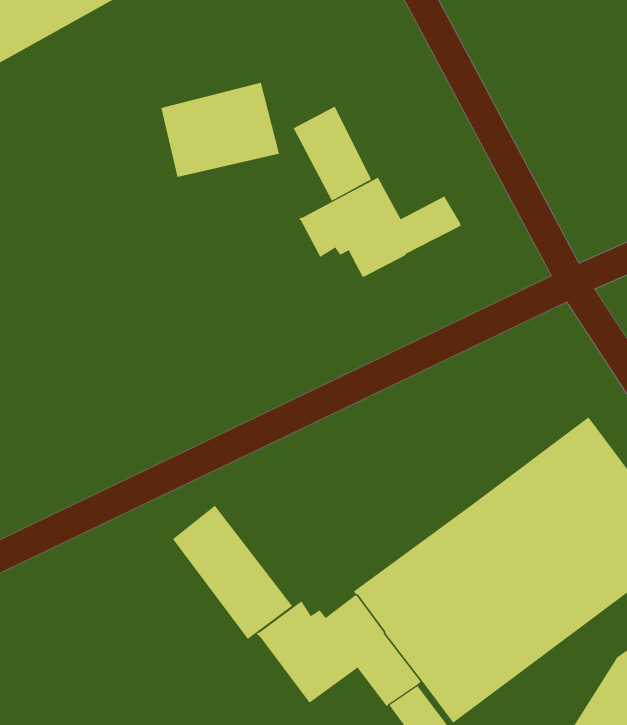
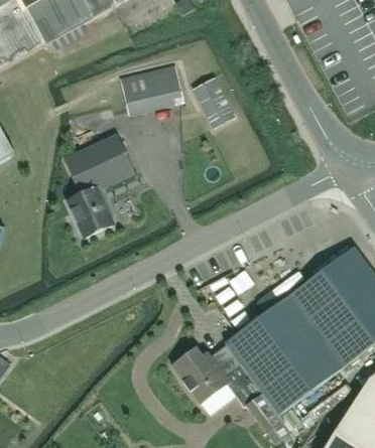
building: [298,177,461,278] -> none
building: none -> [64,136,132,238]
building: [172,505,293,640] -> none

